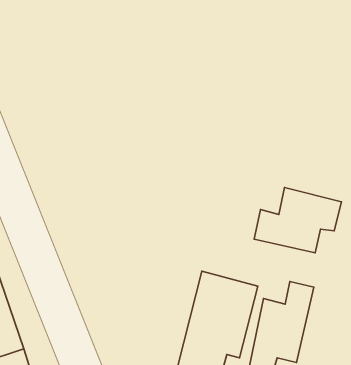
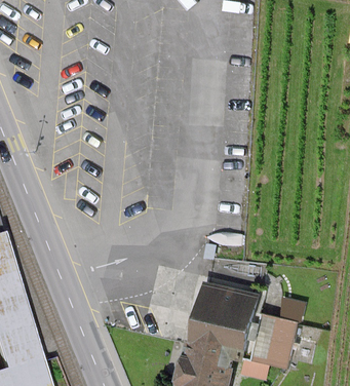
building: [254,187,341,253] -> none

